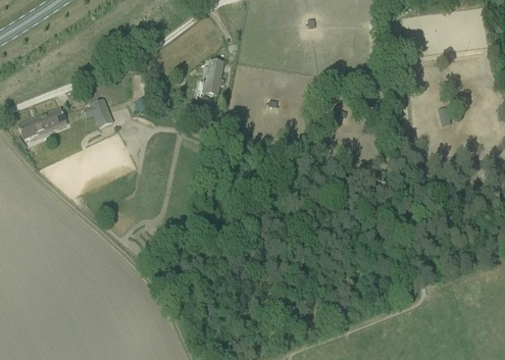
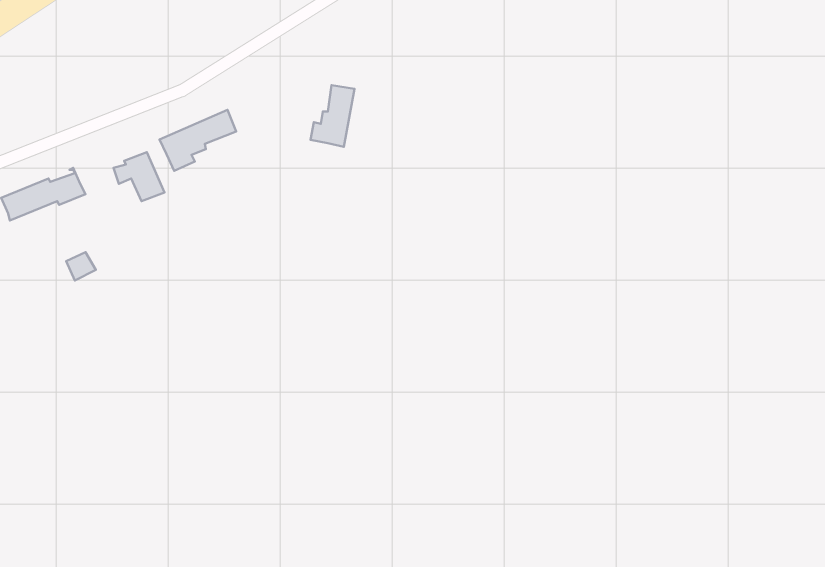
building: none -> [159,110,236,171]

